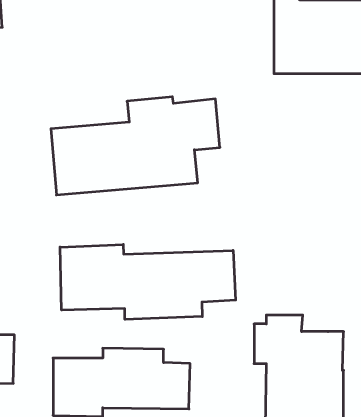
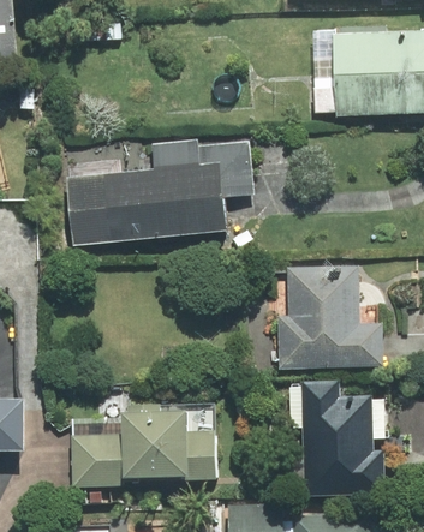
building: none -> [276,265,384,367]
building: [60,244,236,319] -> none

